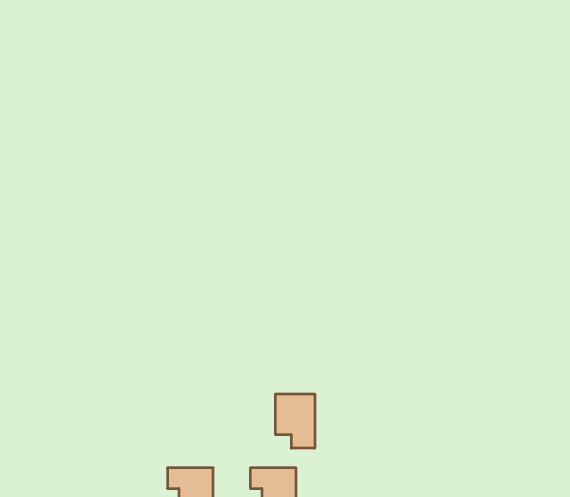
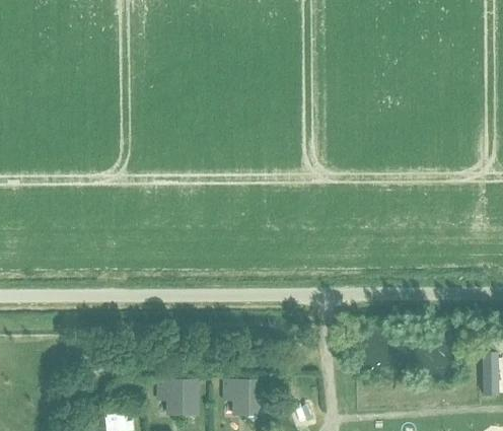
building: [276,394,315,448] -> none

